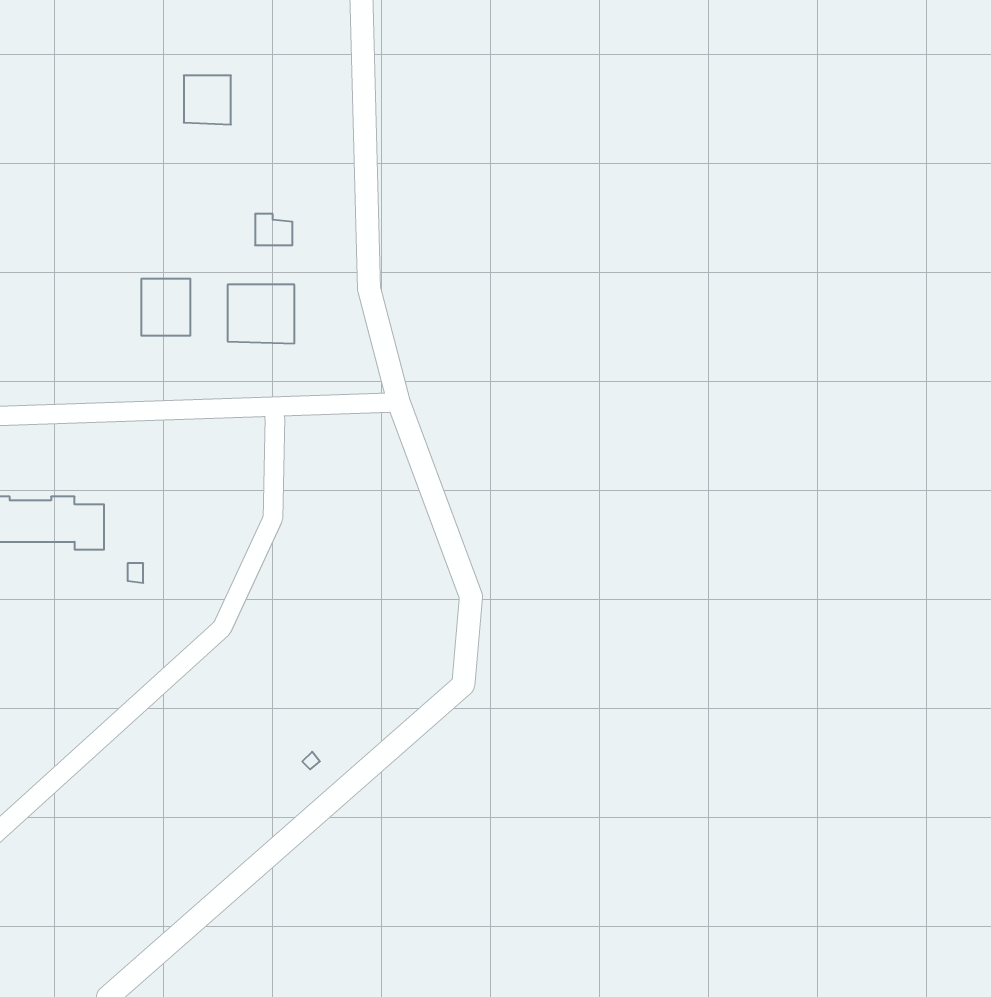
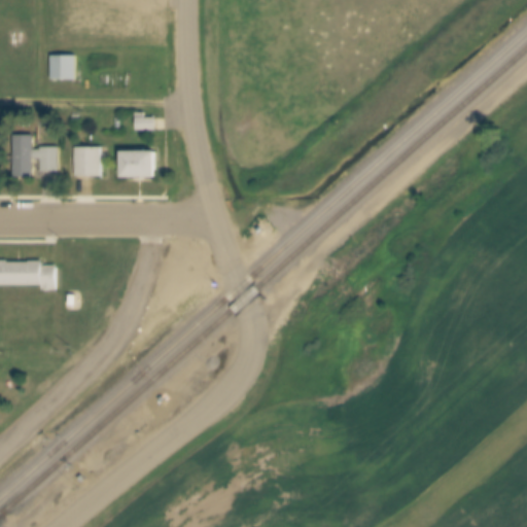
building: [184,75,231,125] -> [49,54,74,79]
building: none -> [12,135,58,177]

